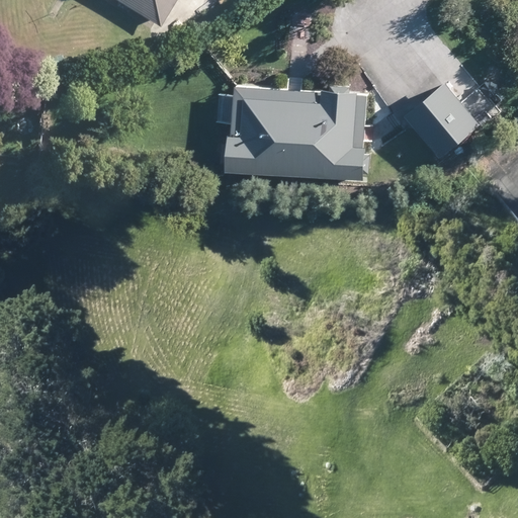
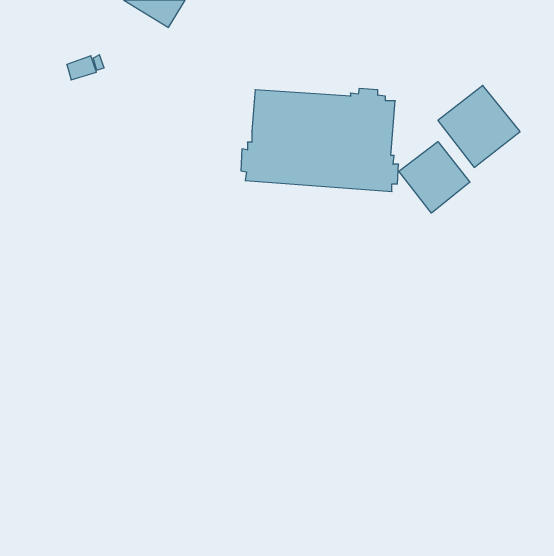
building: none -> [399,142,470,213]

